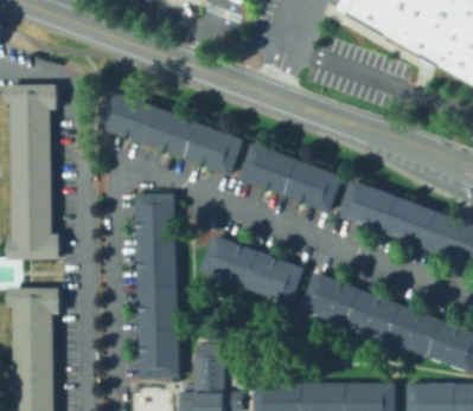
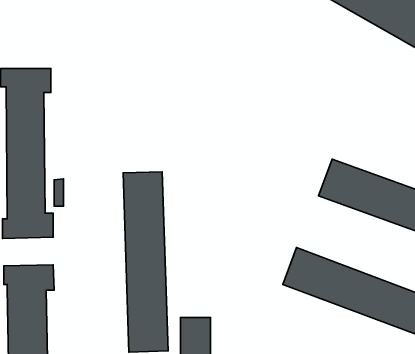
building: [97,90,244,175] -> none
building: [238,142,341,212] -> none
building: [199,233,303,306] -> none

